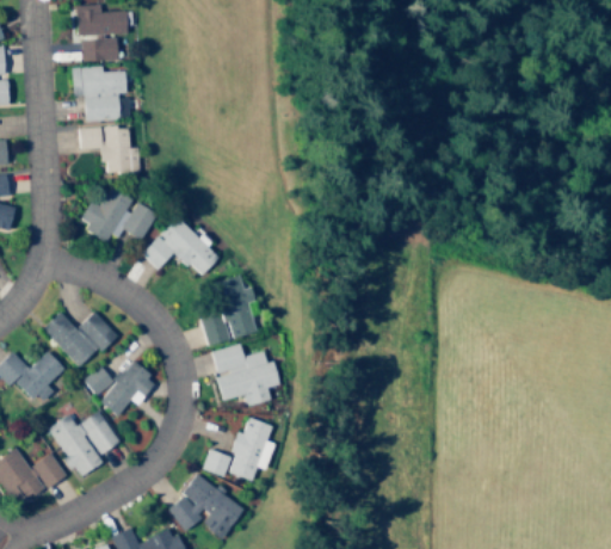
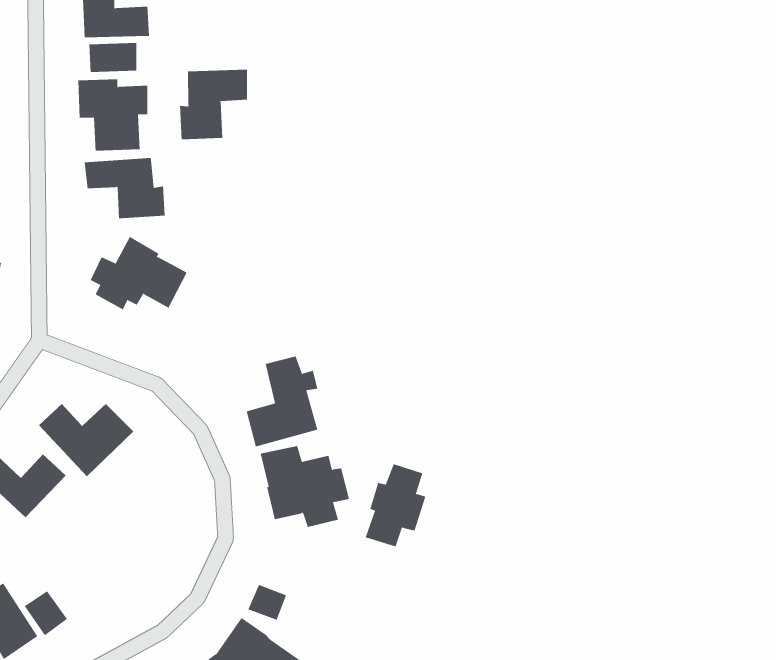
building: none -> [179,69,248,140]
building: [142,215,220,276] -> none
building: [85,360,158,415] -> none
building: [47,411,119,476] -> none
building: [228,418,274,481] -> [365,464,426,547]

